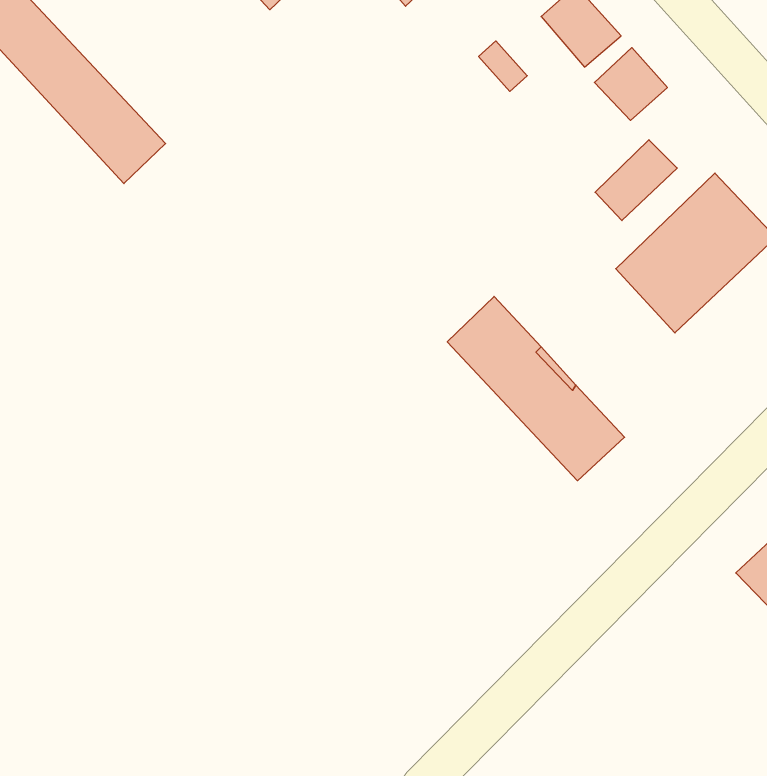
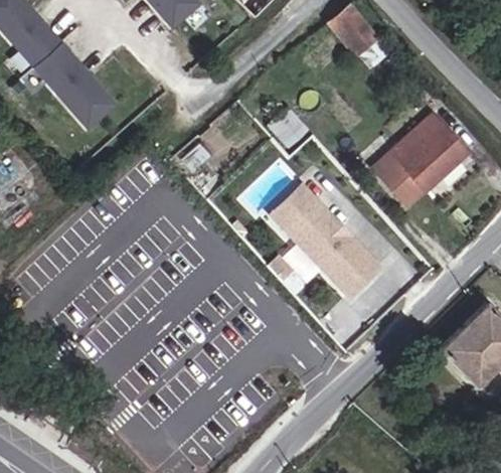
building: [594,48,667,120] -> none
building: [595,140,677,221] -> none

